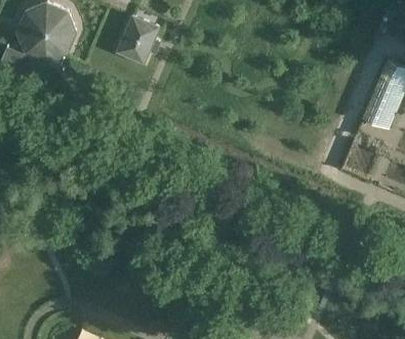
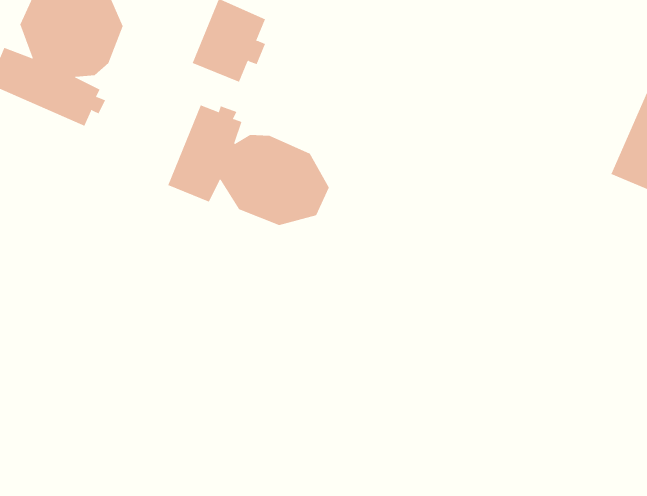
building: none -> [168,104,330,226]

